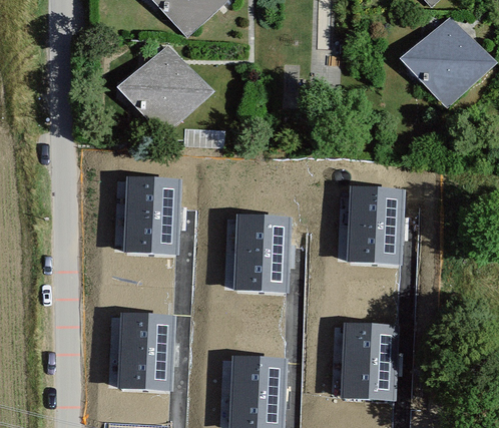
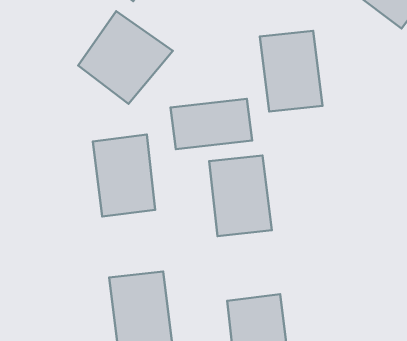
building: none -> [171,99,252,149]
building: [347,184,403,263] -> [260,31,322,111]
building: [340,321,397,398] -> none

